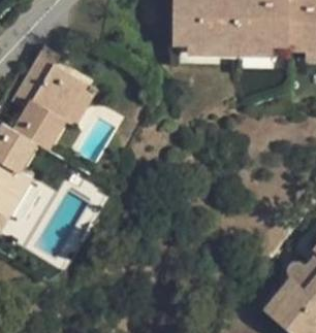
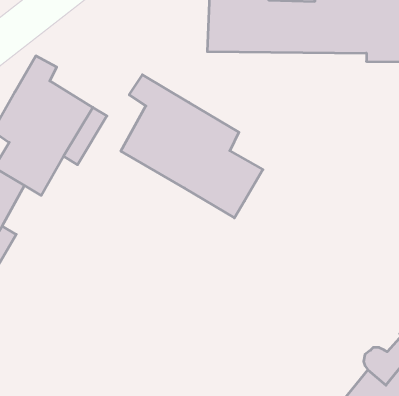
building: none -> [121,75,263,218]

